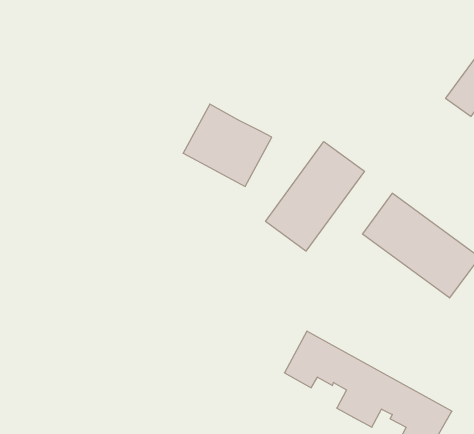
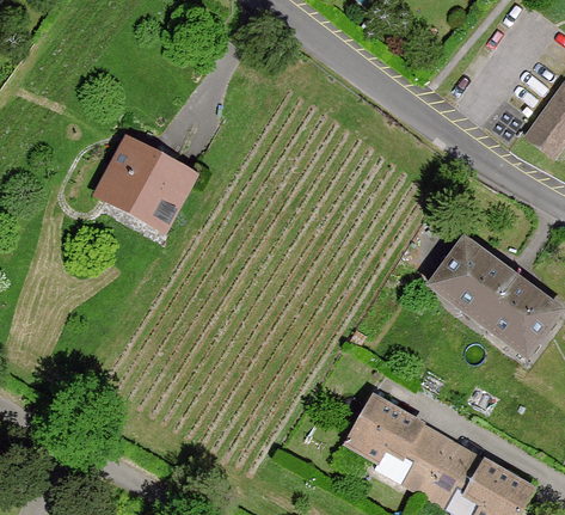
building: [183,104,272,186] -> [97,139,196,231]
building: [266,142,364,251] -> none

